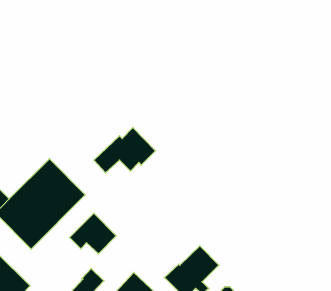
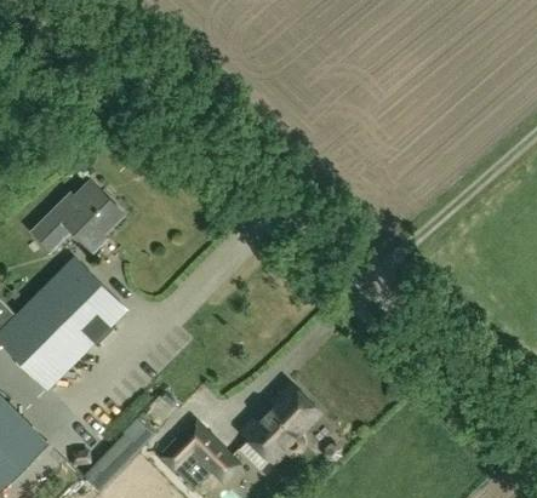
building: [94,128,156,173] -> [34,184,124,250]
building: [70,213,116,254] -> none

